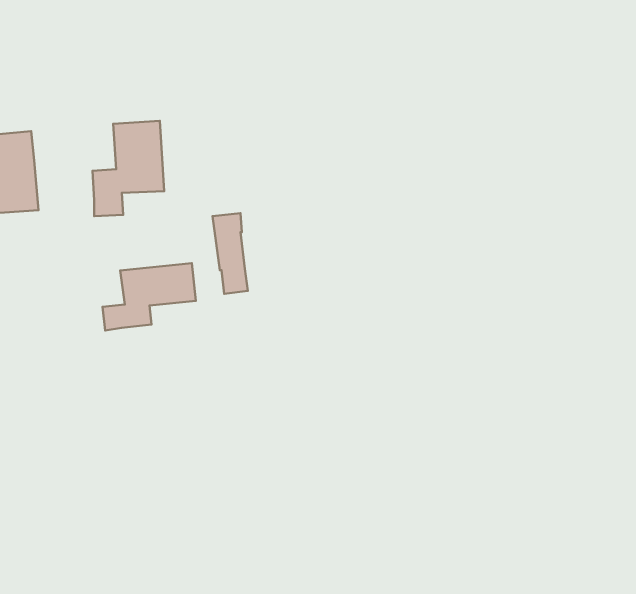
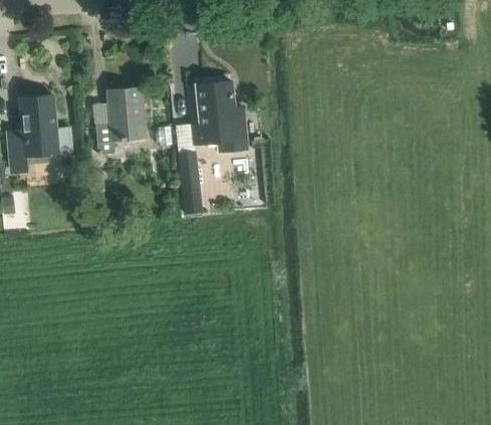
building: none -> [193,80,247,153]
building: [102,263,196,330] -> none

